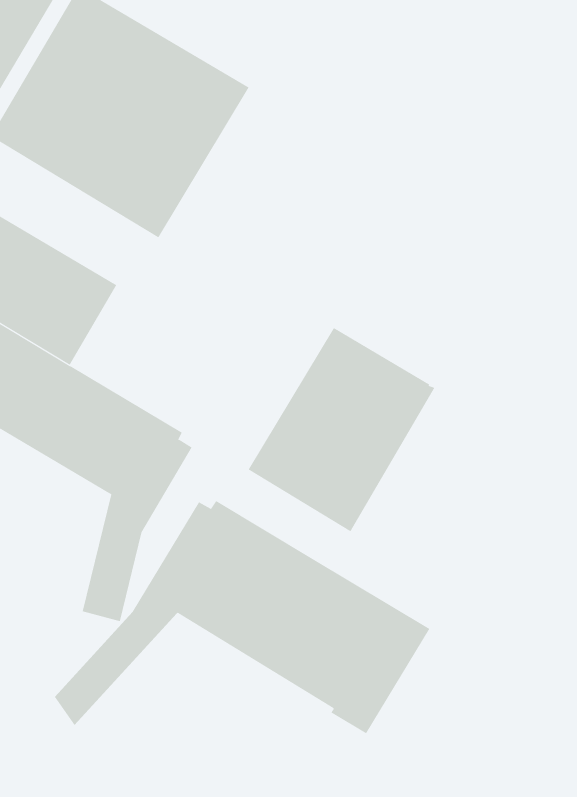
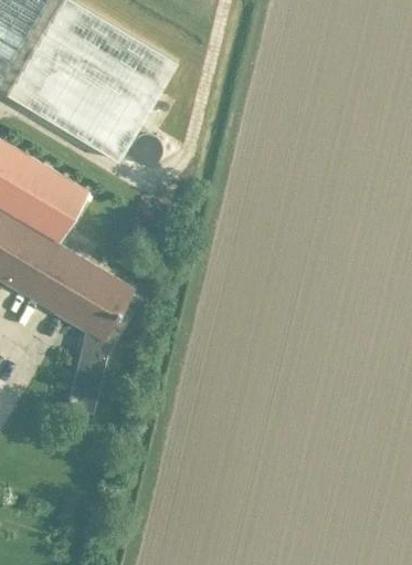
building: [248,327,435,532] -> none
building: [54,500,430,734] -> none

